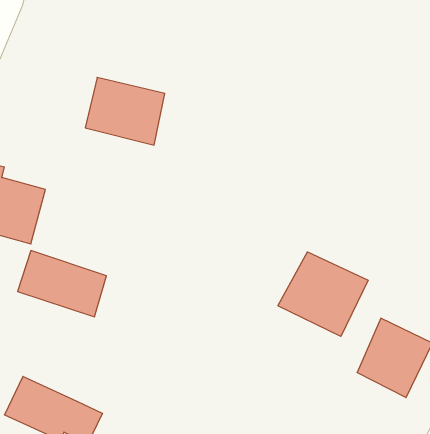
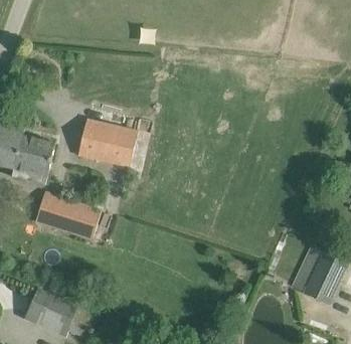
building: [85,77,165,145] -> [77,116,138,167]
building: [278,252,368,336] -> none

